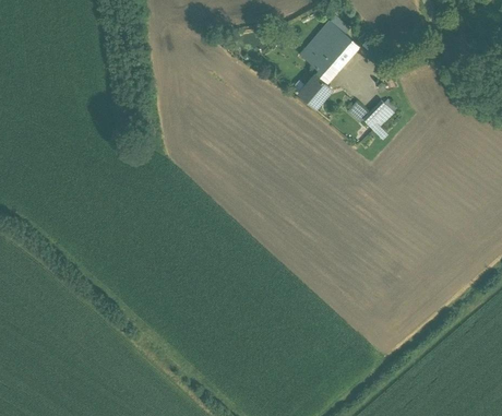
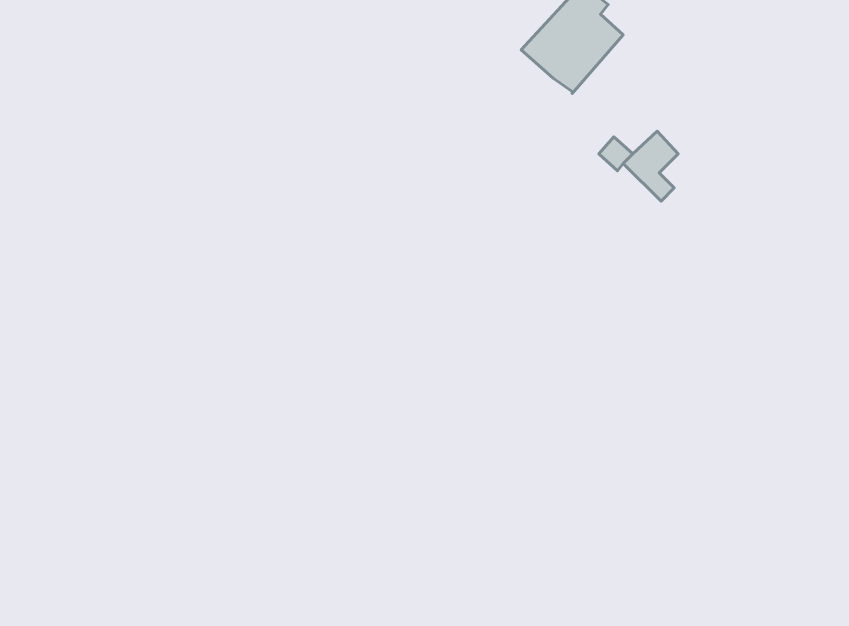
building: [300,70,333,107] -> none

